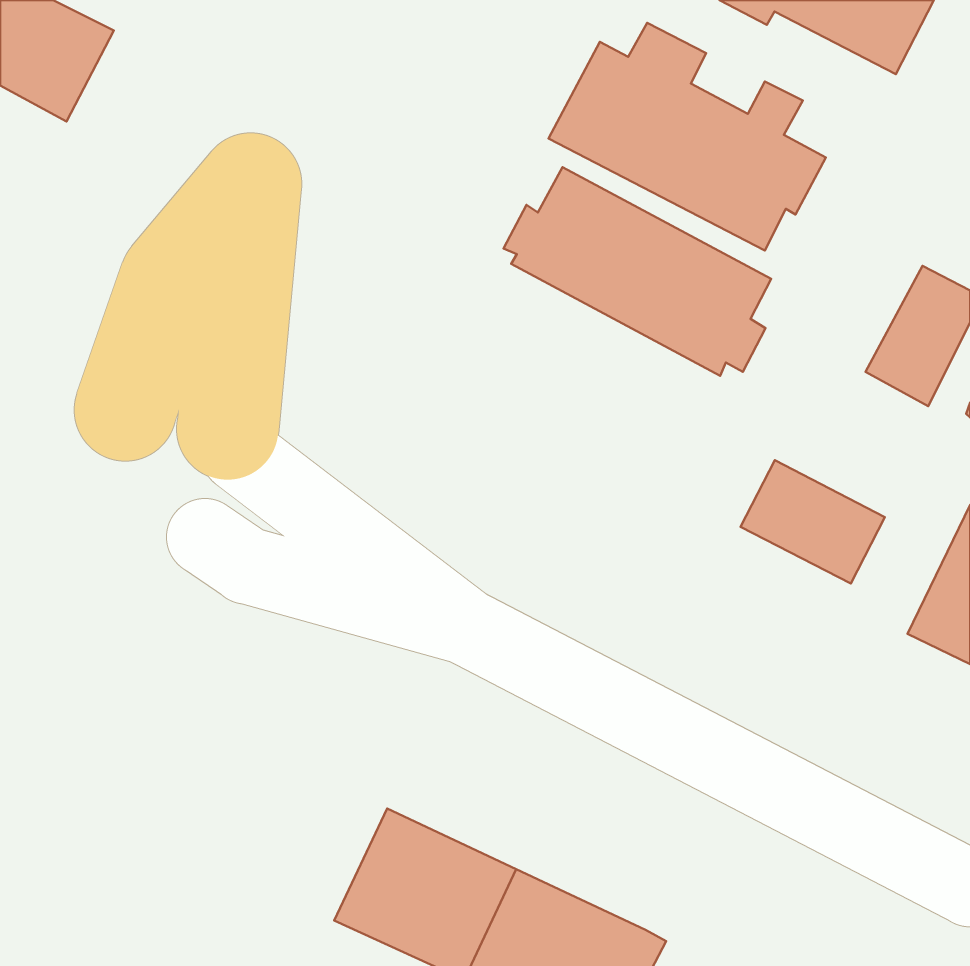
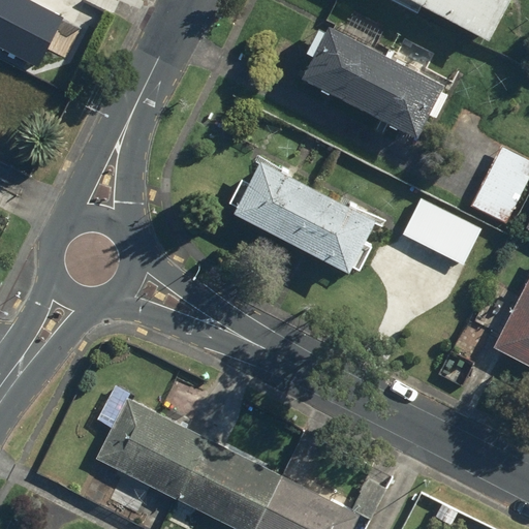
building: [504,167,771,376] -> [228,159,374,273]
building: [741,460,885,584] -> [403,199,481,267]
building: none -> [96,385,208,501]

